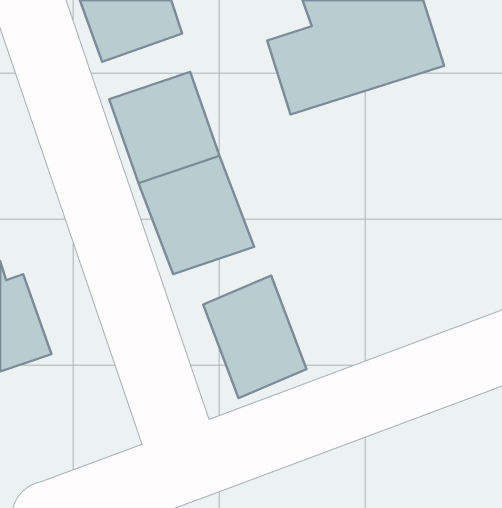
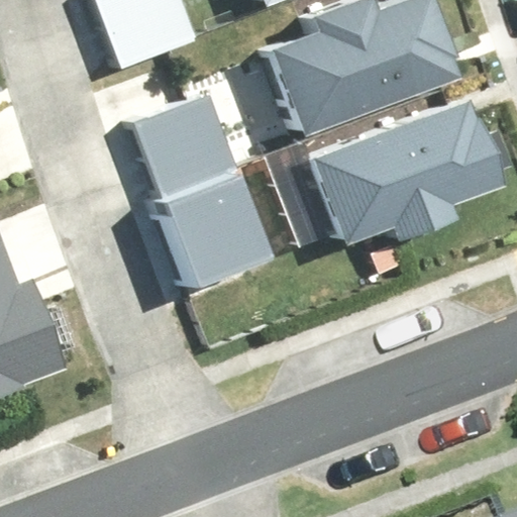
building: none -> [307,98,502,264]
building: [203,275,307,398] -> none

